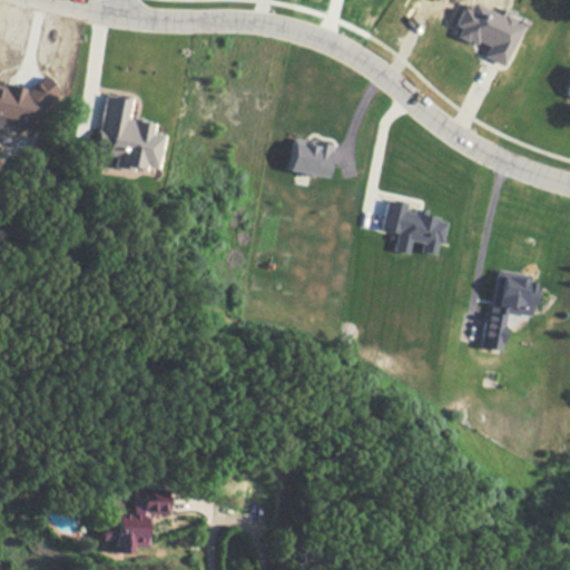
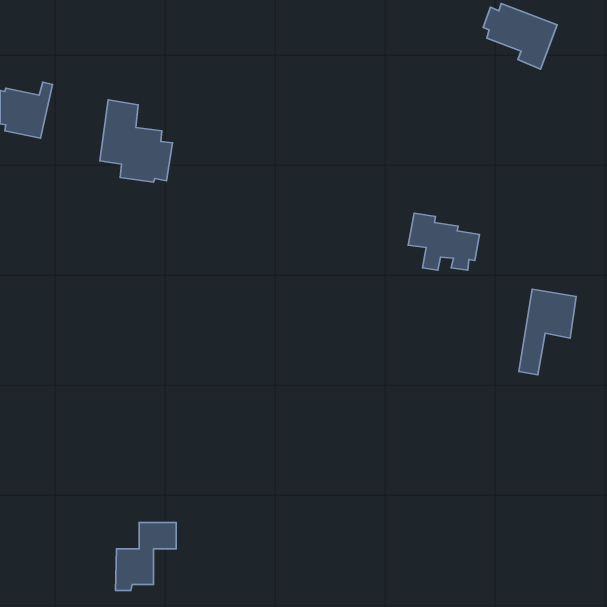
building: [291,138,335,178] -> none

